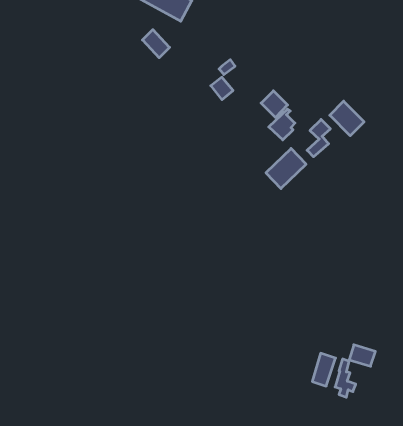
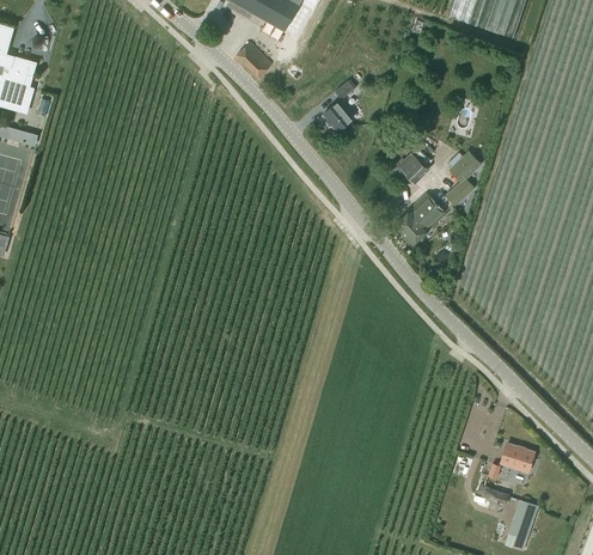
building: [261,91,288,117] -> none
building: [330,101,364,136] -> none
building: [312,353,336,386] -> [507,499,537,541]

